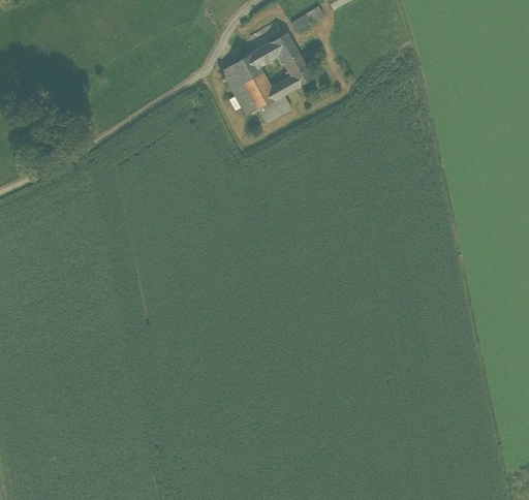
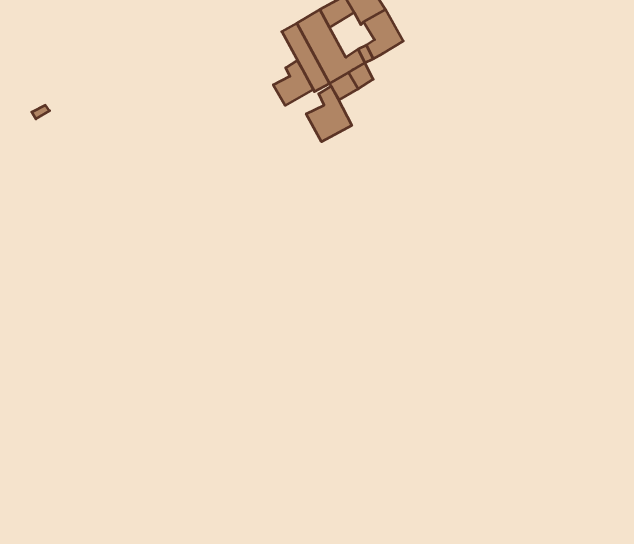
building: none -> [273,60,313,105]
building: none -> [306,86,352,142]

